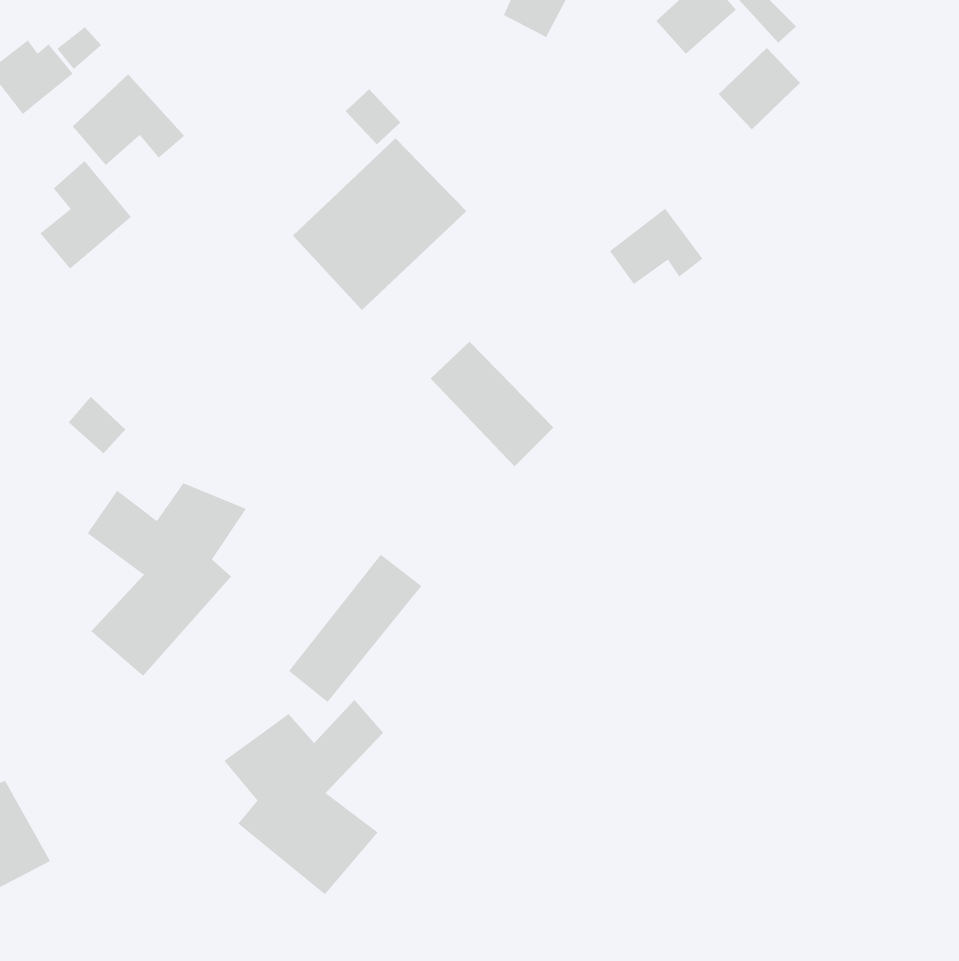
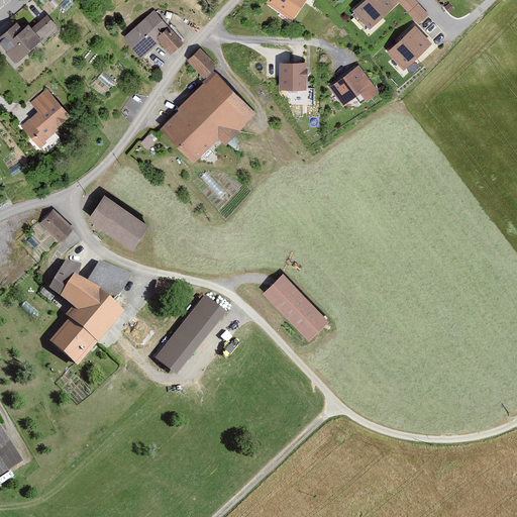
building: [72,74,185,166] -> [121,8,182,58]
building: none -> [278,62,306,92]
building: [609,208,703,285] -> [327,65,378,106]
building: [430,341,554,467] -> [265,272,331,339]
building: none -> [93,197,147,245]
building: [224,699,384,895] -> none

